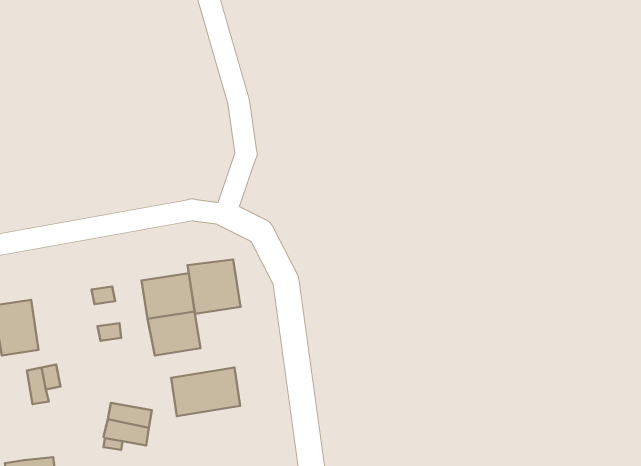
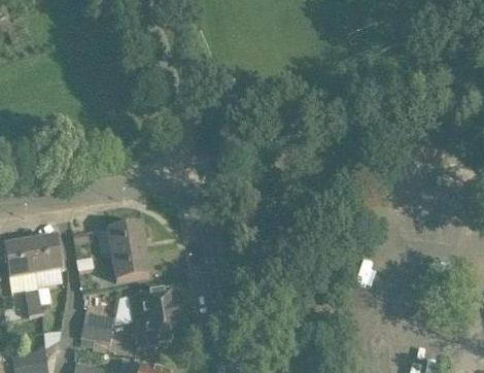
building: [187,260,240,314] -> none
building: none -> [30,235,62,275]
building: none -> [132,314,180,346]

